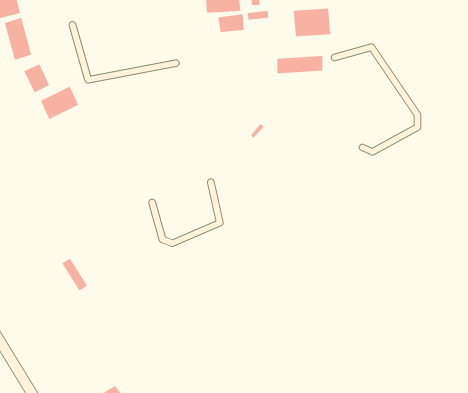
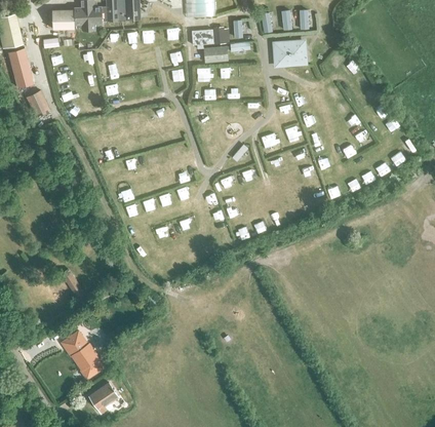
building: [276,55,323,74] -> none
building: [40,85,79,120] -> none
building: none -> [65,331,107,383]

